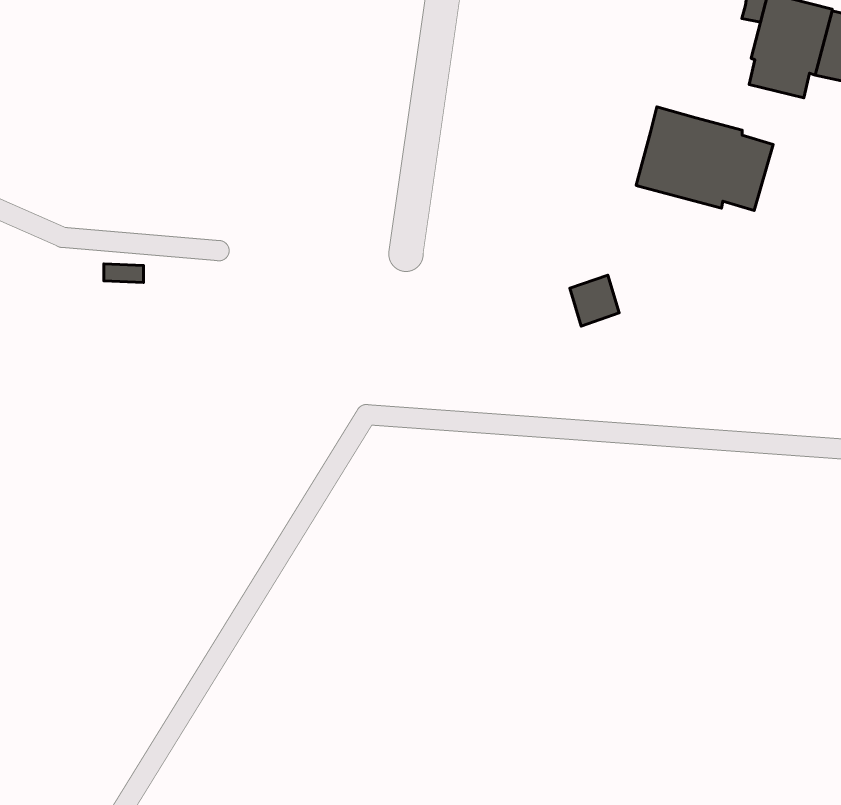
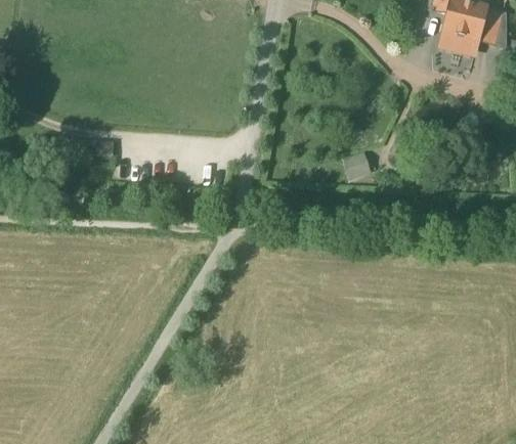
building: [636,107,773,210] -> none

